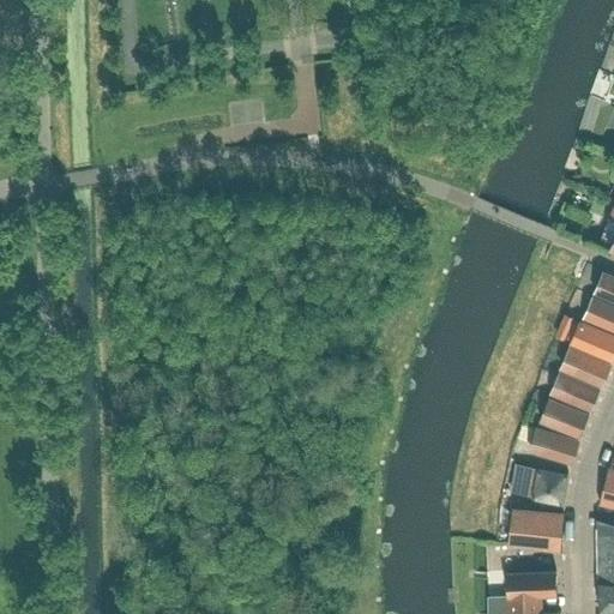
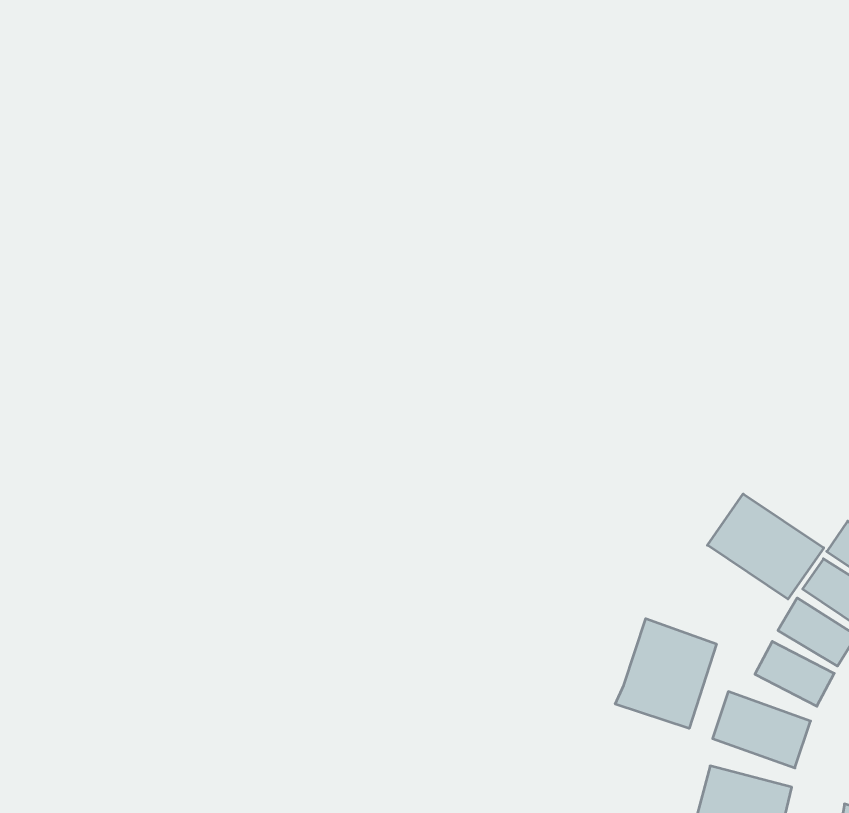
building: none -> [707,494,824,599]
building: none -> [615,619,716,728]

